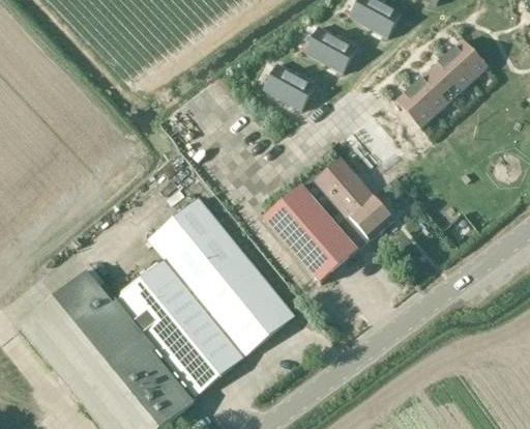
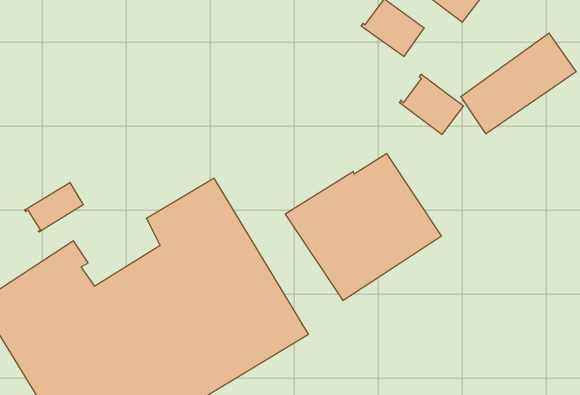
building: [262,63,316,111] -> [399,74,464,134]
building: none -> [25,182,83,232]

